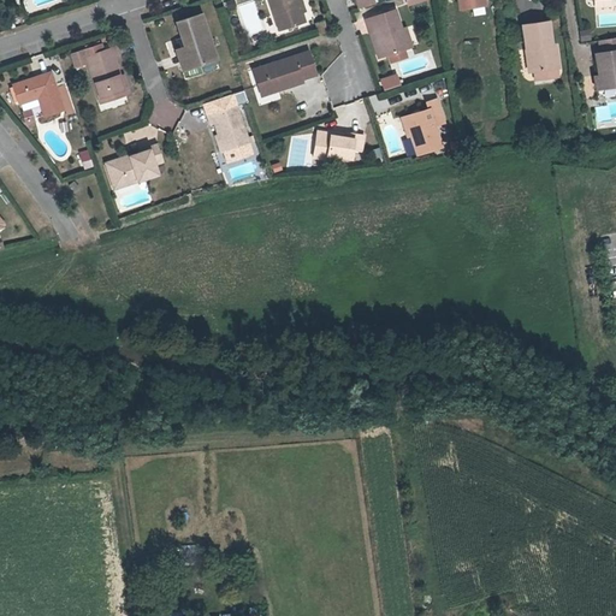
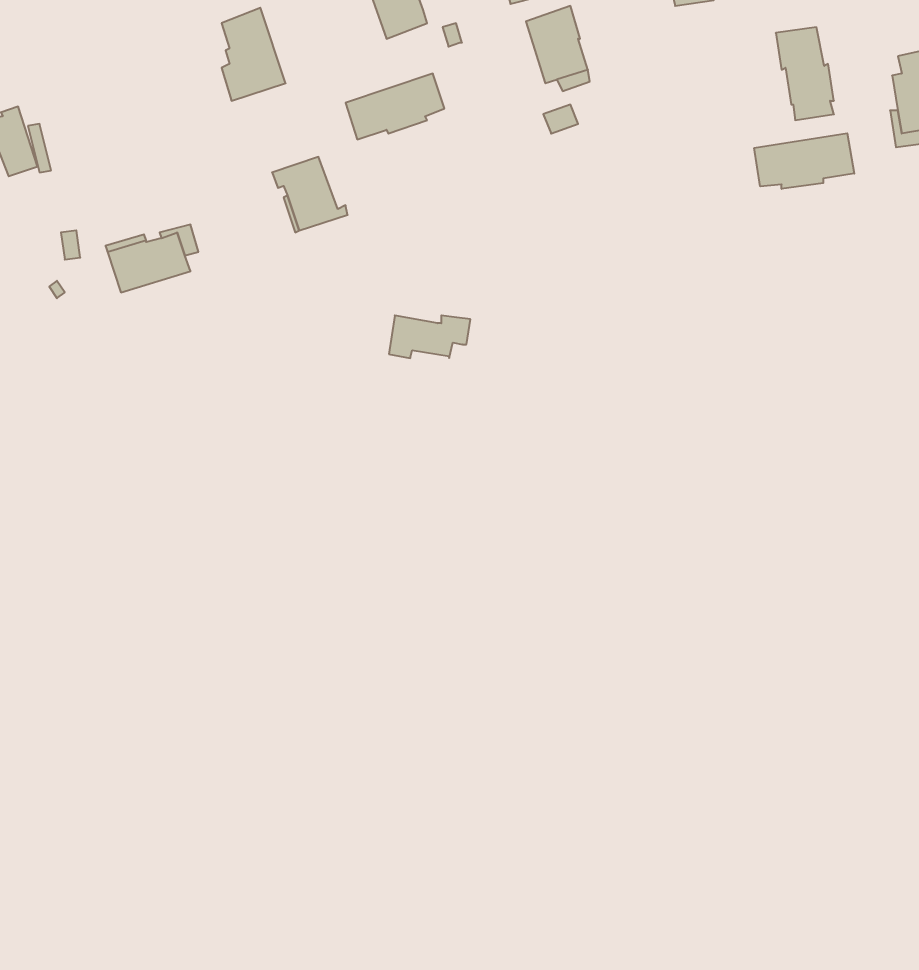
building: [72,43,129,102] -> none
building: none -> [754,133,854,189]
building: [402,99,442,154] -> none
building: [313,132,363,159] -> [389,315,470,358]

